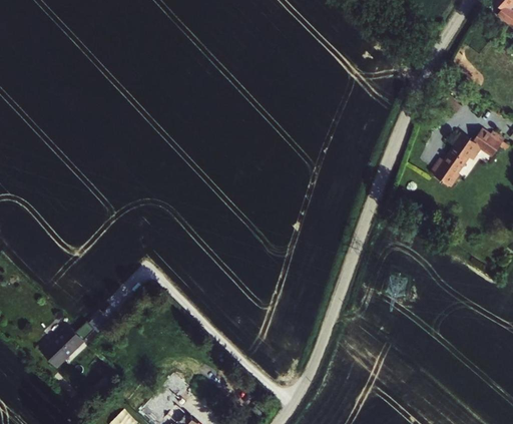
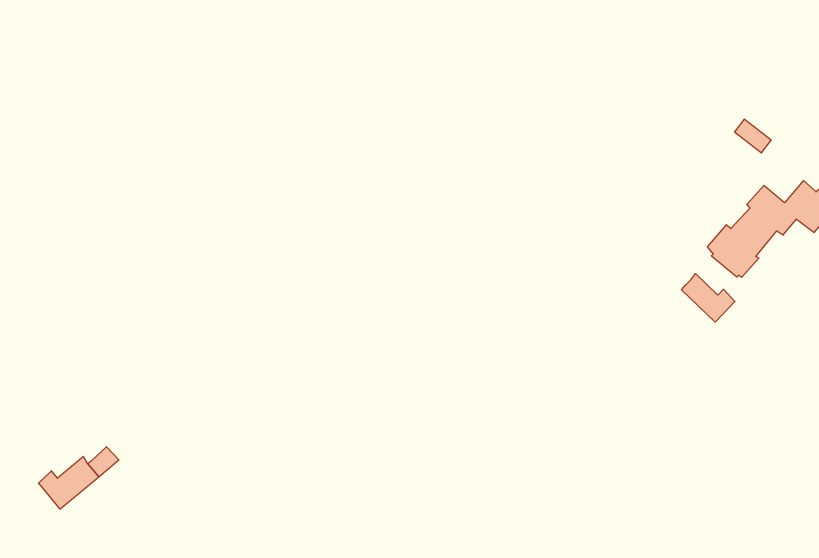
building: none -> [681,274,735,322]

